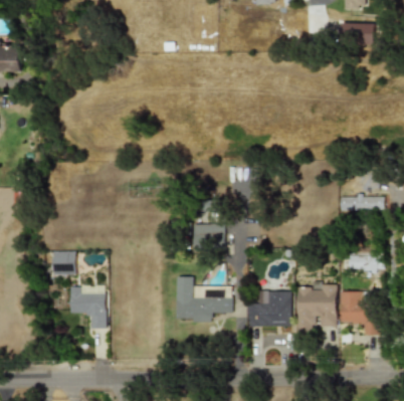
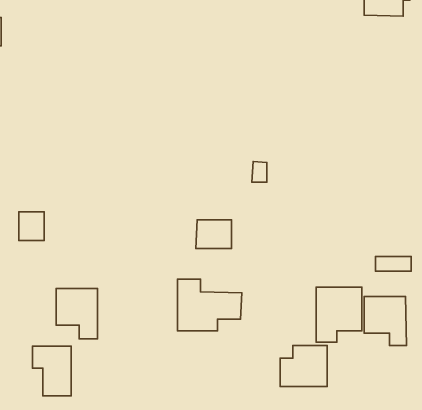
building: [340,196,384,212] -> none
building: [53,251,75,276] -> [19,212,44,240]
building: [249,290,290,327] -> [280,345,327,387]
building: none -> [32,346,71,396]

